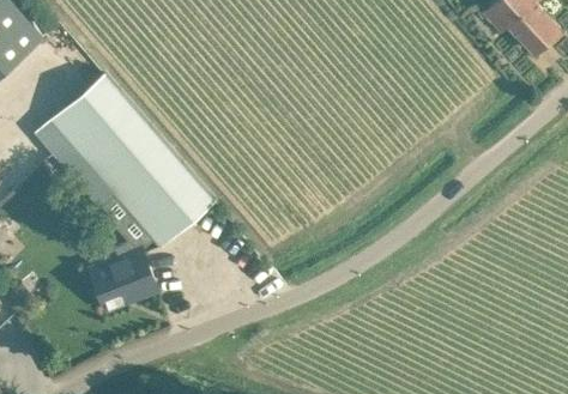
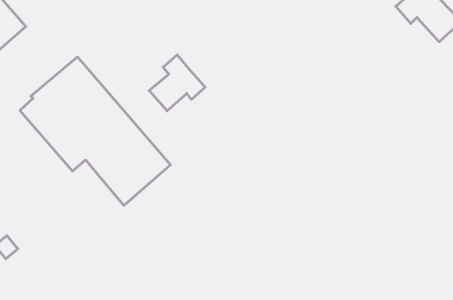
building: none -> [149,55,205,111]
building: [90,246,158,310] -> none

